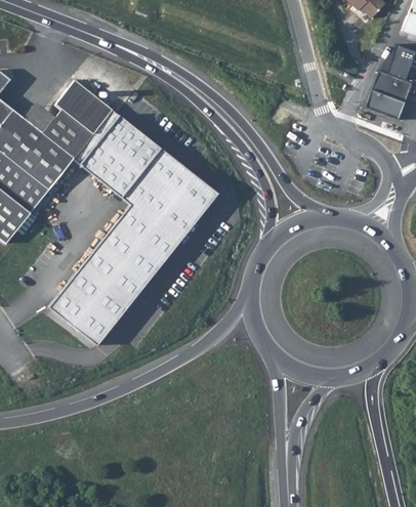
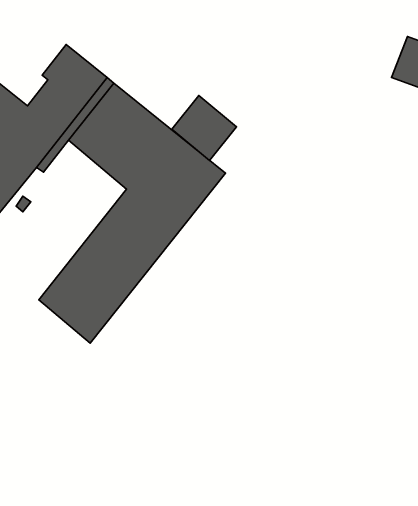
building: none -> [172,96,236,160]

